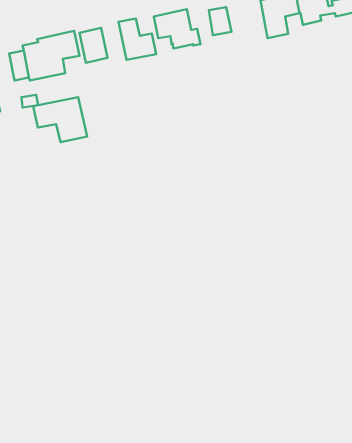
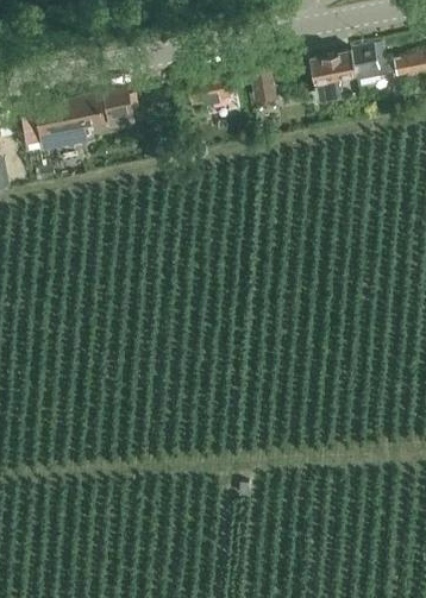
building: [118,18,156,60] -> none
building: [33,97,87,142] -> none

